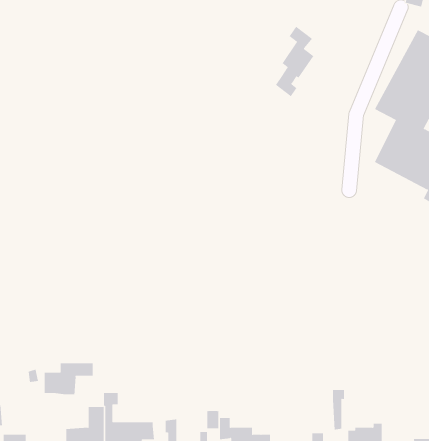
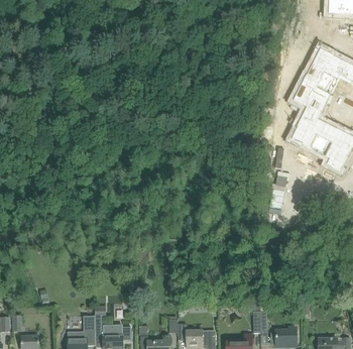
building: [275,26,314,97] -> none
building: [44,363,93,395] -> none

